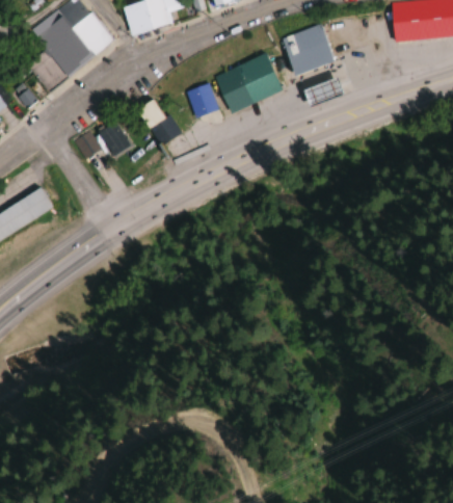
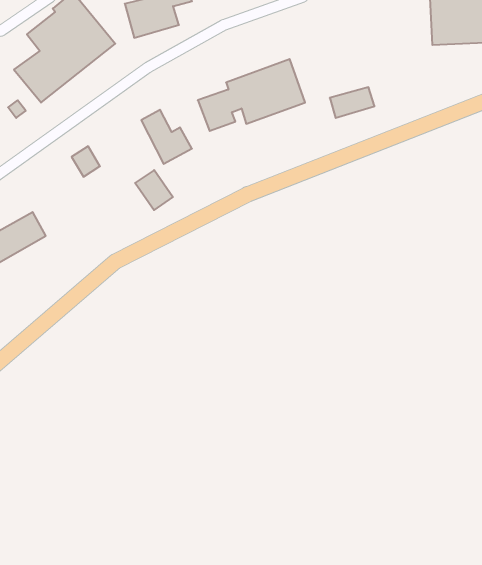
building: [283,24,334,73] -> none
building: [99,121,132,156] -> [135,170,173,210]

